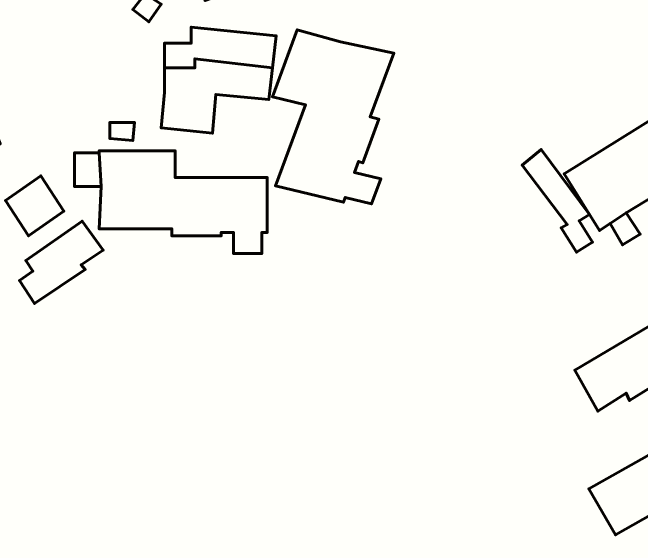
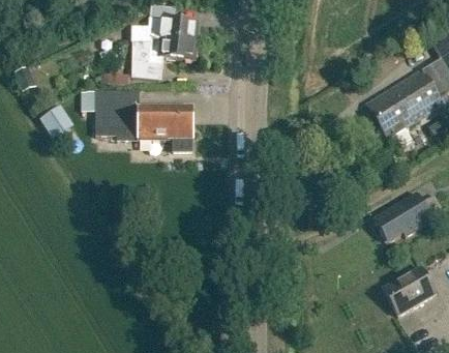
building: [272,30,394,204] -> none
building: [522,149,592,252] -> none
building: [19,221,103,304] -> none

